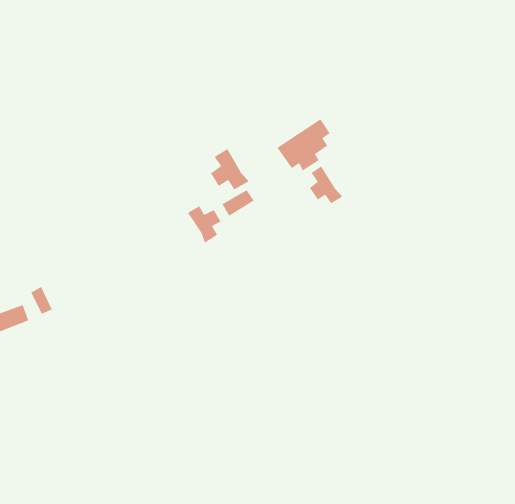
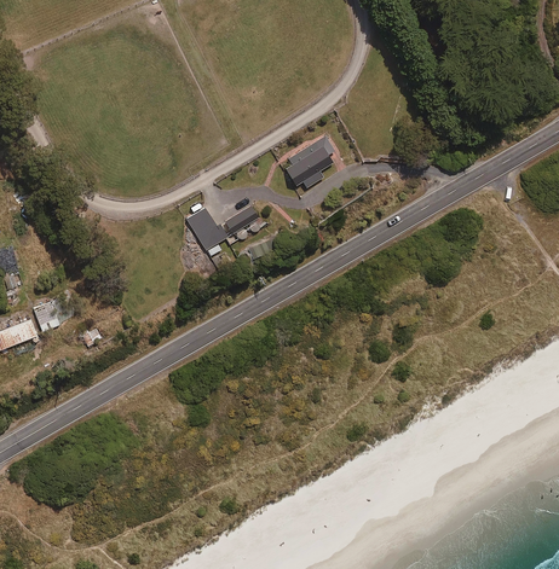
building: [210,148,249,190] -> none
building: [309,166,343,204] -> none

